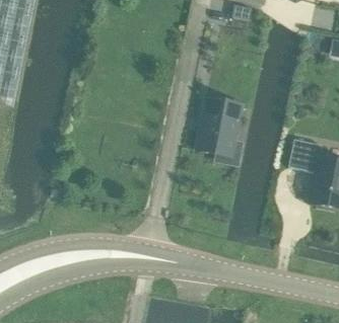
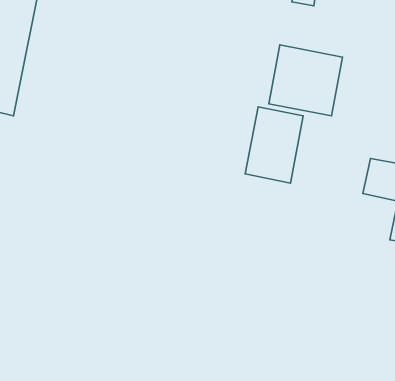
building: none -> [269,45,342,116]

